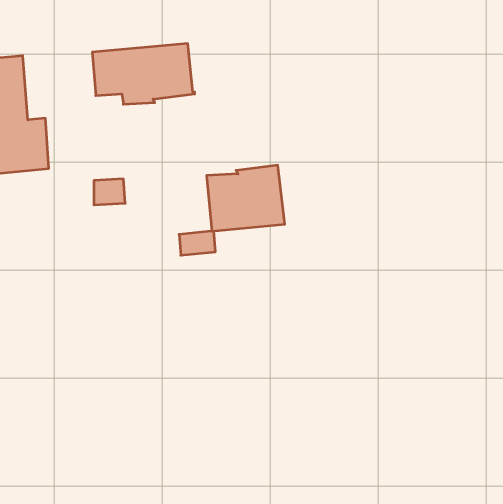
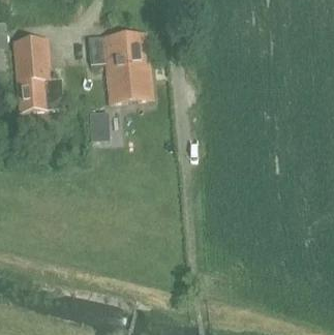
building: [207,165,285,231] -> [107,61,153,100]

